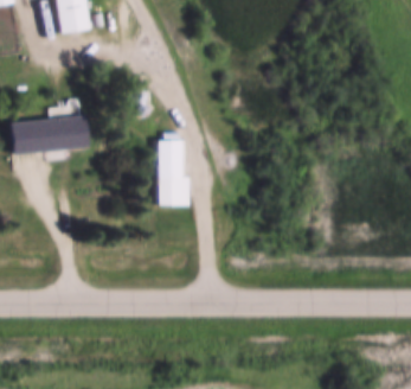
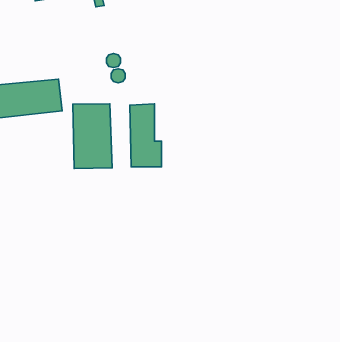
building: none -> [73,104,112,168]

